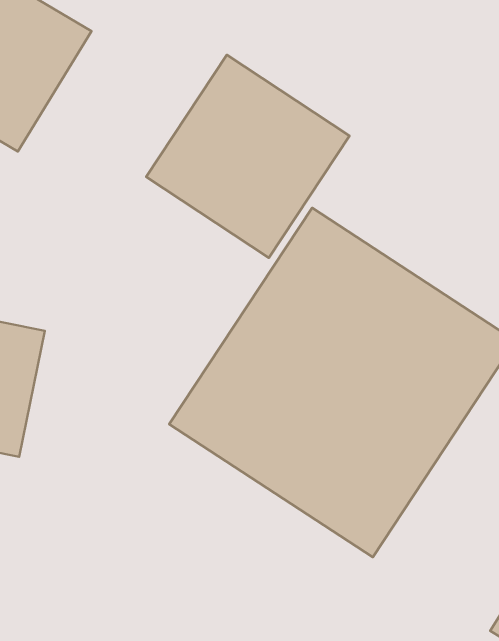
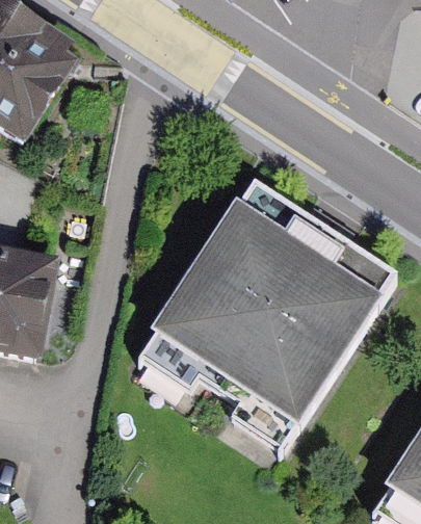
building: [146,55,349,258] -> none

